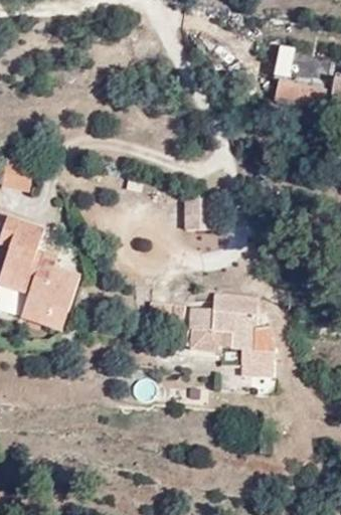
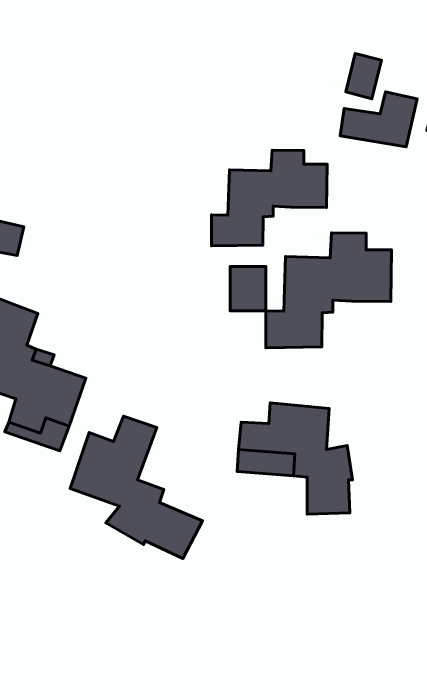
building: none -> [211,150,327,246]
building: none -> [266,233,392,348]
building: none -> [70,416,203,558]

